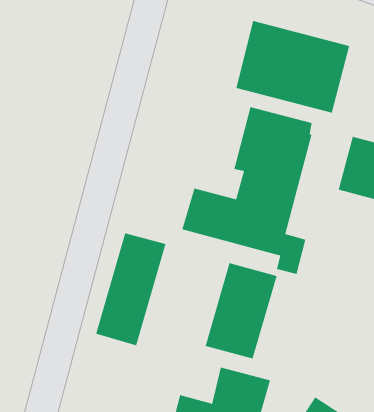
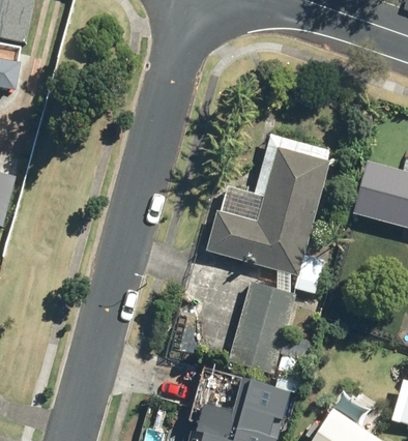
building: [236,20,350,113] -> none
building: [95,232,166,346] -> none

